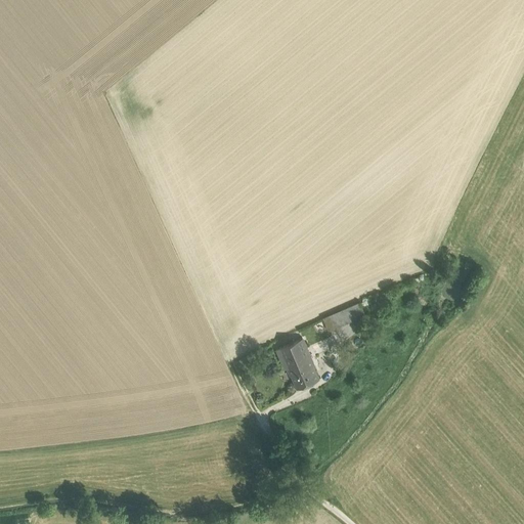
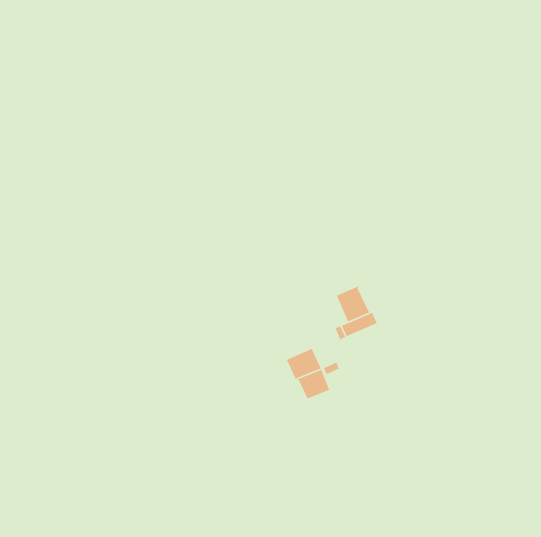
building: none -> [336,286,370,322]

